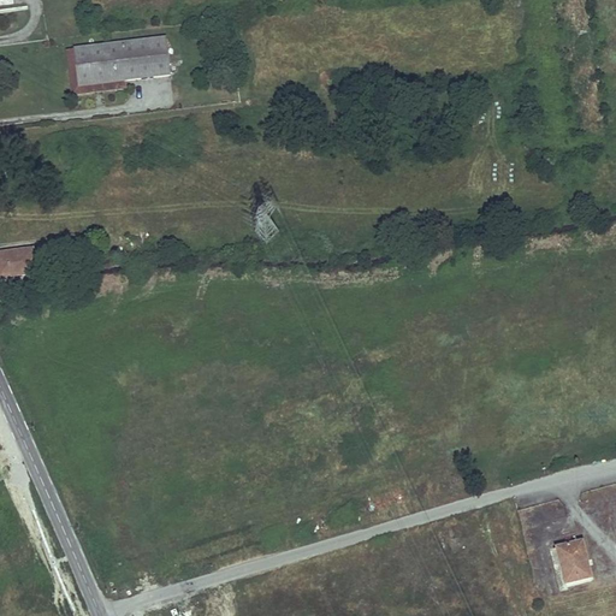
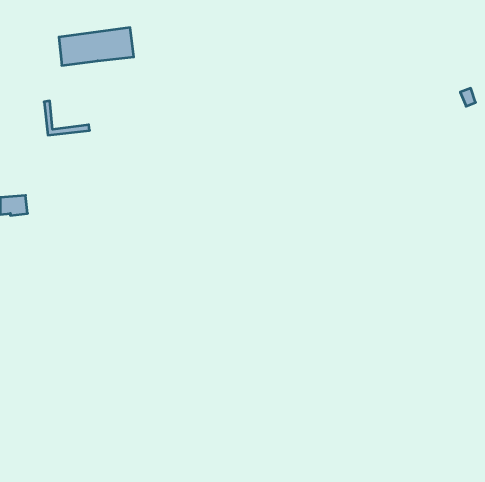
building: [67,47,125,90] -> [44,101,90,135]
building: [556,539,591,581] -> none

